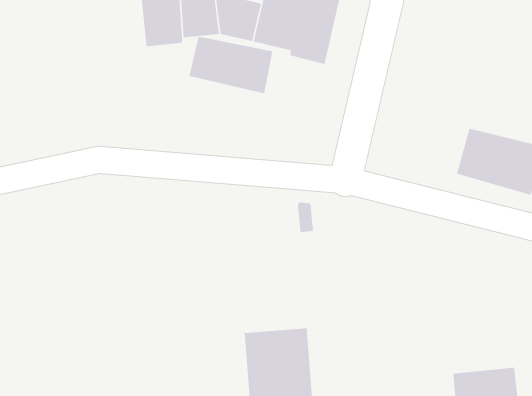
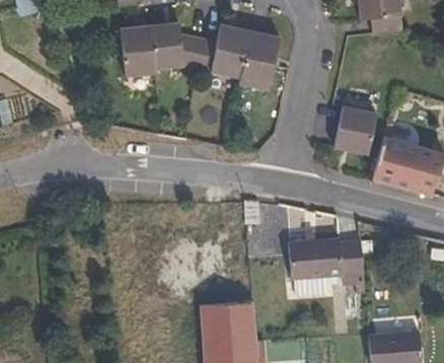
building: [189,36,273,94] -> none
building: none -> [335,107,375,154]
building: none -> [288,232,365,294]

